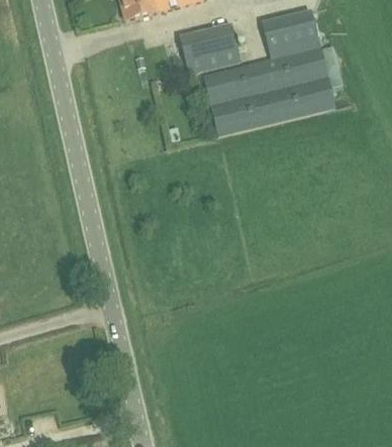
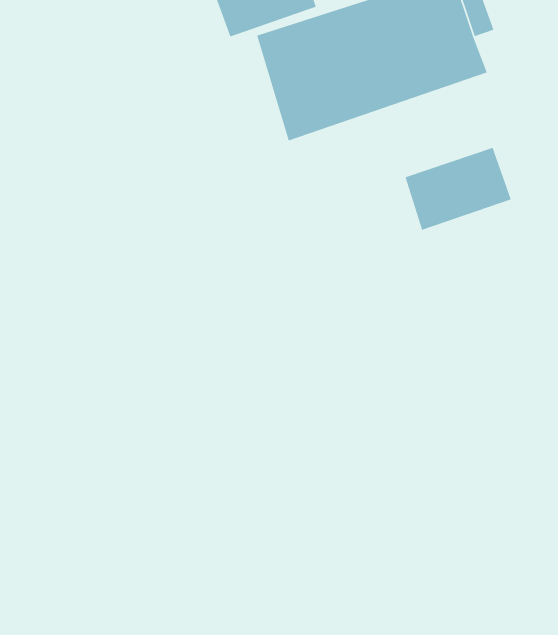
building: none -> [404,147,512,231]

